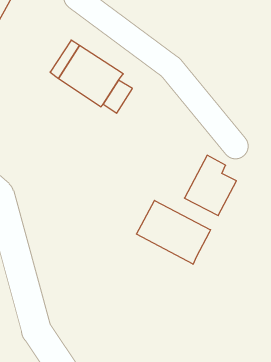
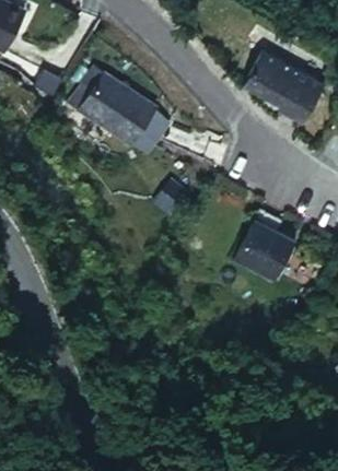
building: none -> [243,47,325,120]
building: [136,200,211,264] -> none

